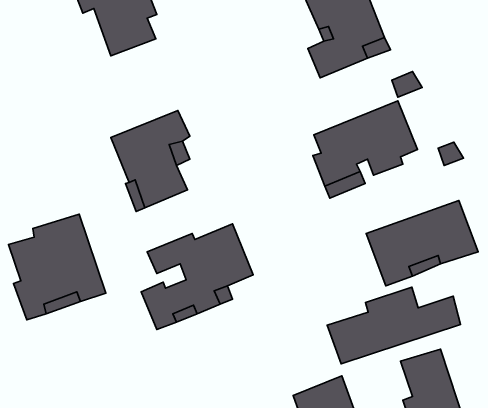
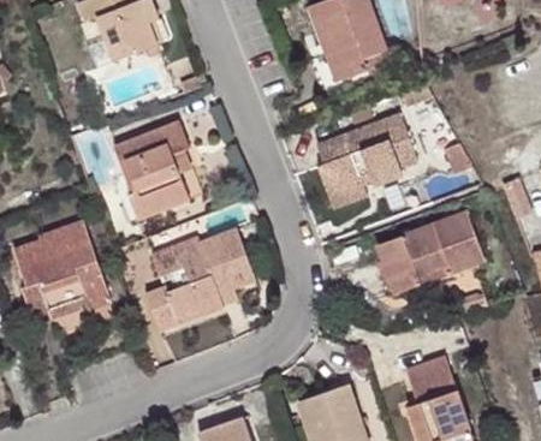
building: [327,287,461,364] -> none

